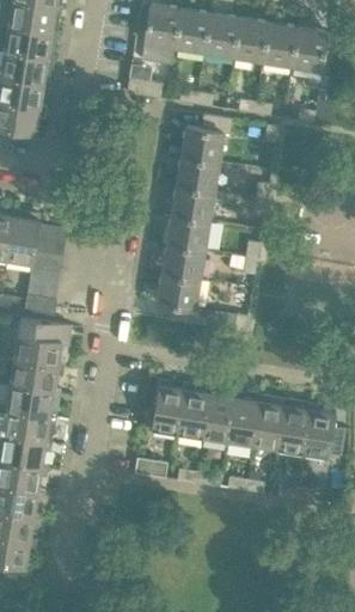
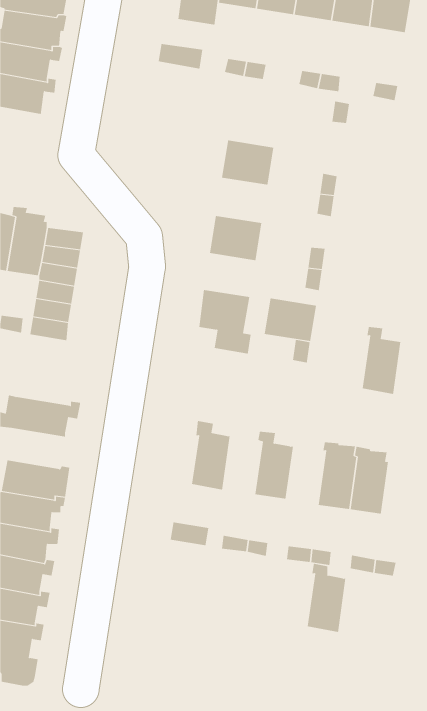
building: [180,115,231,161] -> none
building: [171,185,213,221] -> none
building: [161,245,203,280] -> [264,298,317,342]
building: [13,318,71,366] -> none
building: [177,381,208,436] -> none
building: [6,384,60,416] -> none
building: [227,390,258,445] -> [307,563,346,633]
building: [302,403,333,457] -> [362,327,401,395]

